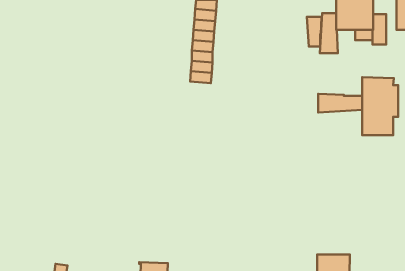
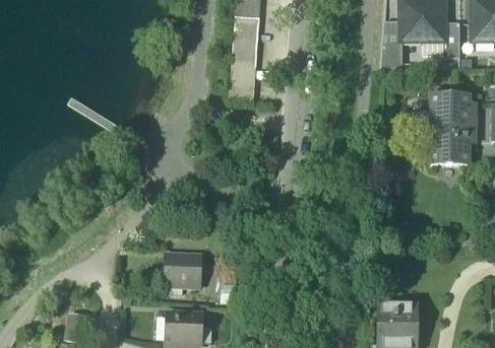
building: [307,17,322,47] -> none
building: [318,94,362,113] -> none
building: none -> [169,254,201,285]

